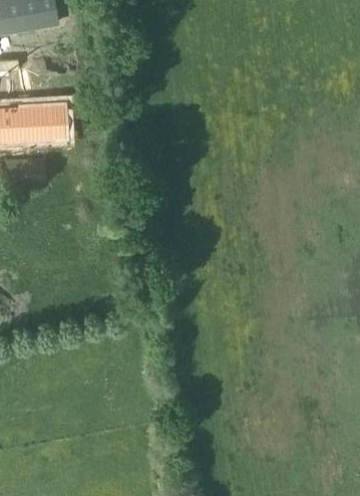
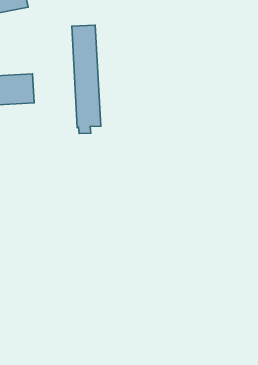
building: none -> [72,25,101,134]

